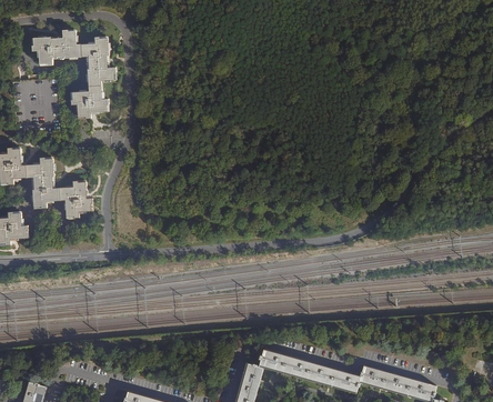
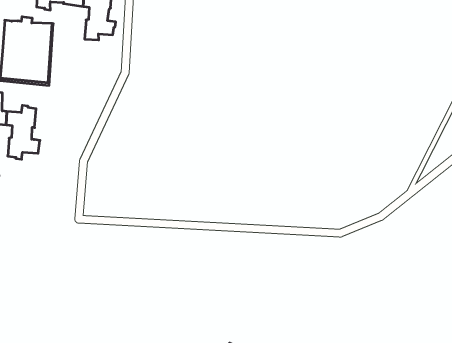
building: [71,86,109,118] -> none
building: [61,180,93,217] -> none

